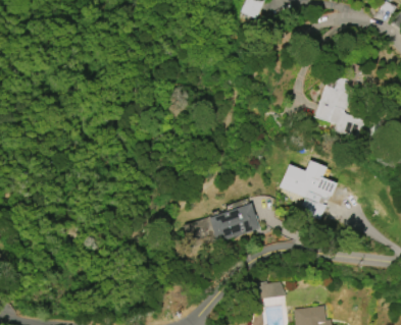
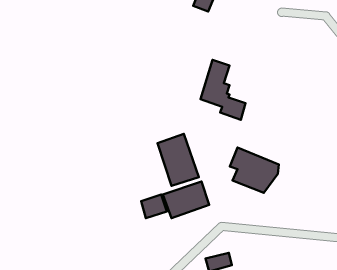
building: [316,73,365,139] -> [200,60,246,120]
building: none -> [157,134,199,186]

